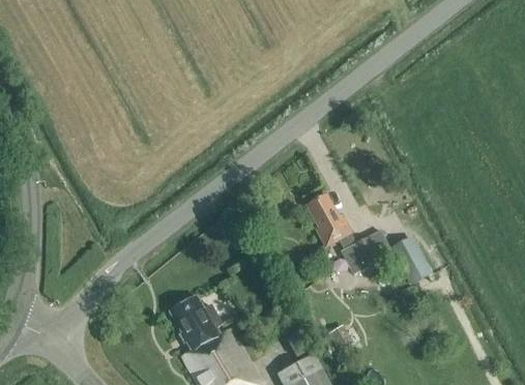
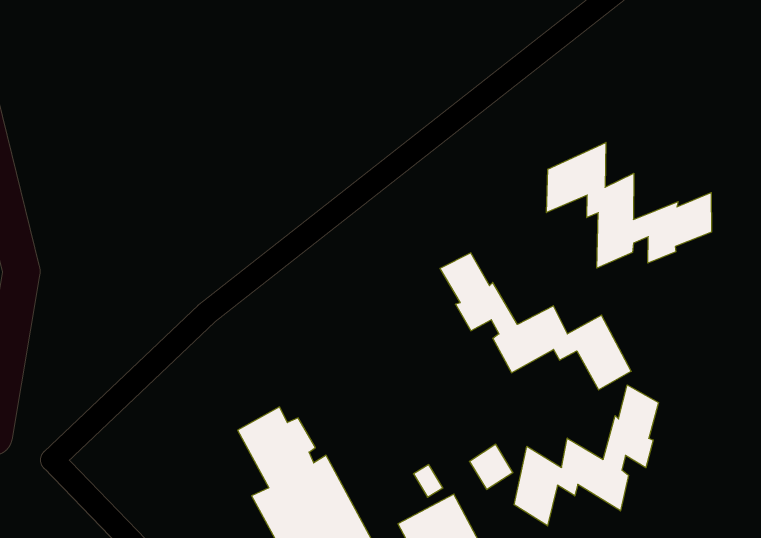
building: none -> [546,142,712,268]
building: none -> [514,385,658,526]

